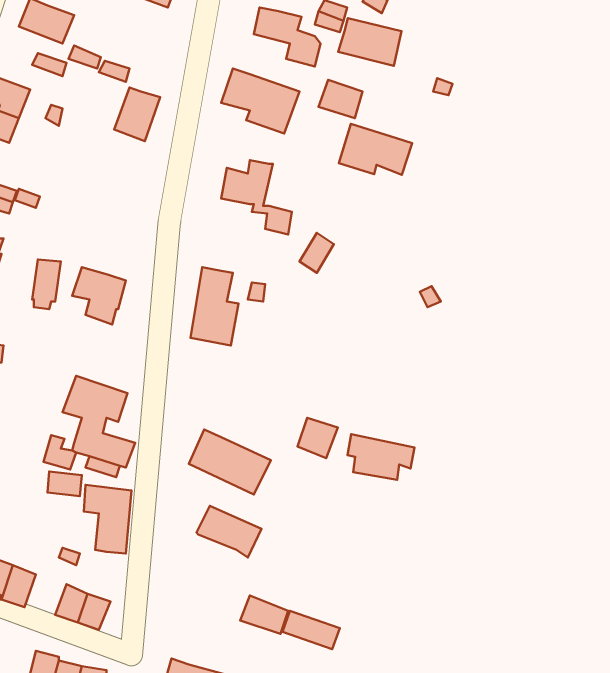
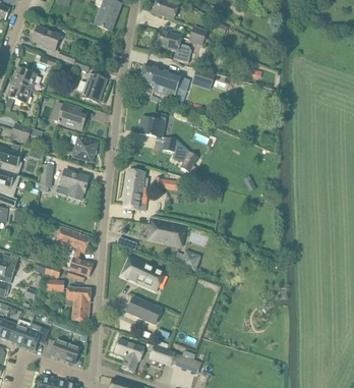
building: [338,18,401,66] -> none
building: [339,124,412,175] -> none
building: none -> [58,103,85,129]
building: none -> [69,136,98,161]
building: [347,434,414,480] -> [151,219,186,243]
building: none -> [115,338,144,372]

